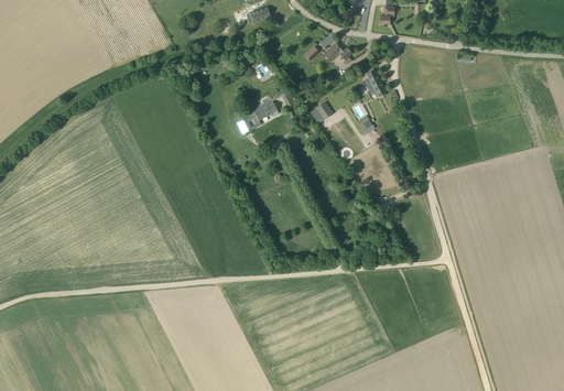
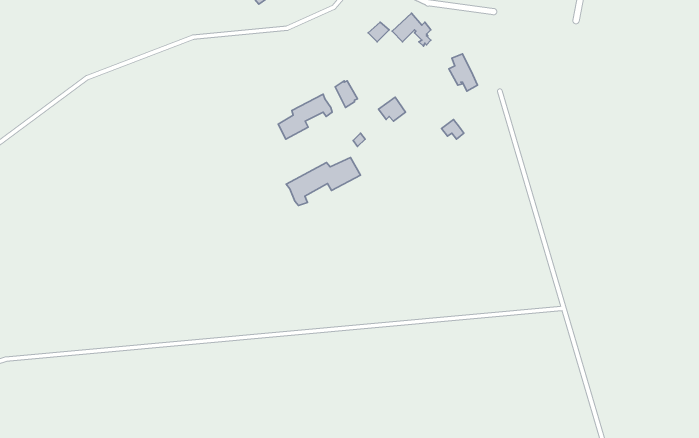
building: none -> [286,157,360,206]

